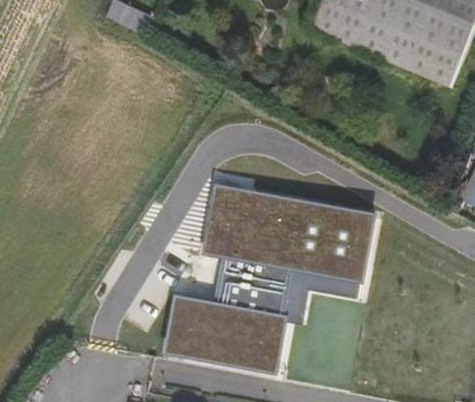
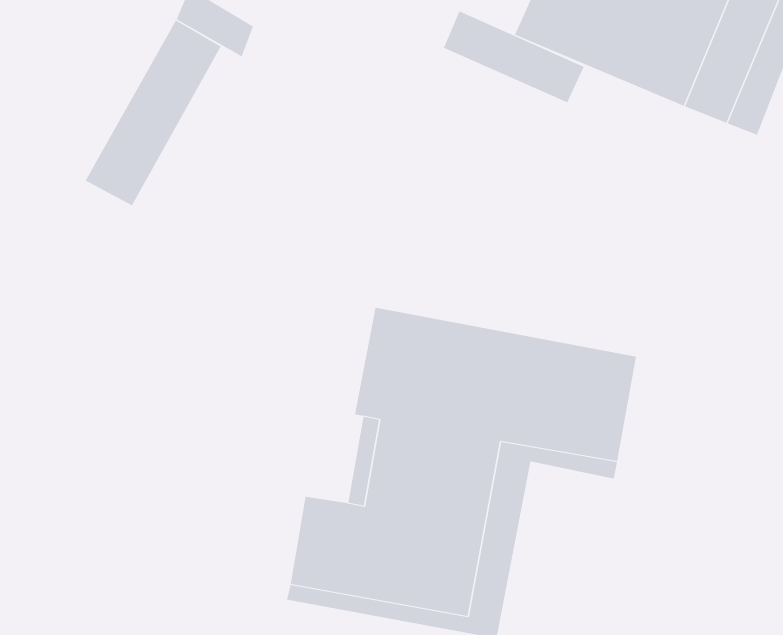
building: none -> [443,10,585,103]
building: none -> [85,20,221,206]

